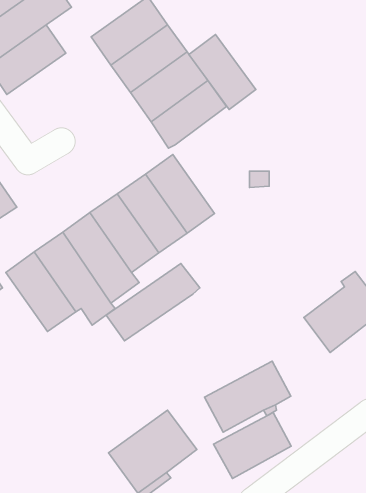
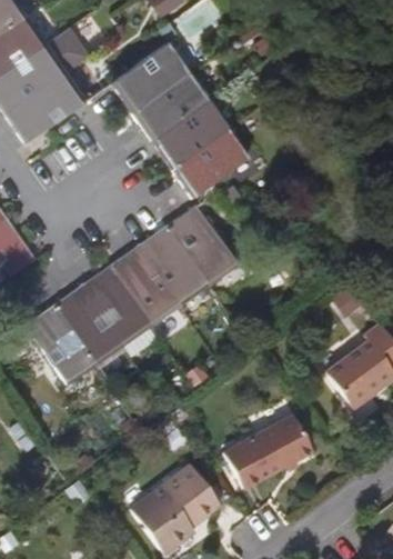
building: [189,34,256,109] -> none
building: [106,263,200,341] -> none
building: [213,412,291,478] -> none

